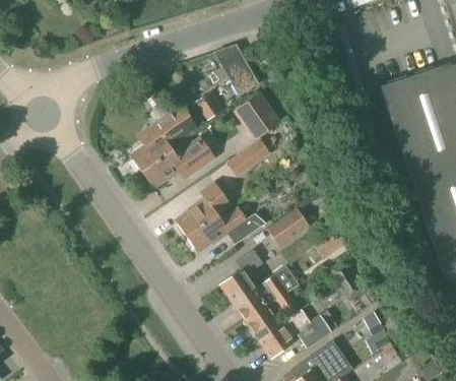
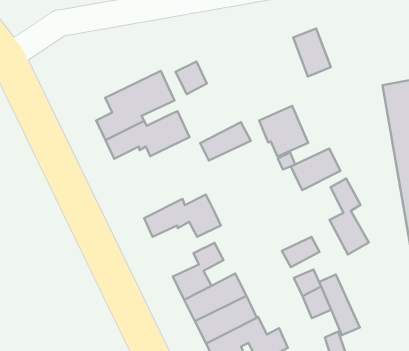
building: [221,51,259,94] -> [293,28,331,76]
building: [234,91,280,138] -> [259,106,308,156]
building: none -> [330,179,369,255]
building: [176,181,232,236] -> none
building: [266,206,311,247] -> [291,148,341,190]
building: none -> [319,275,360,335]

